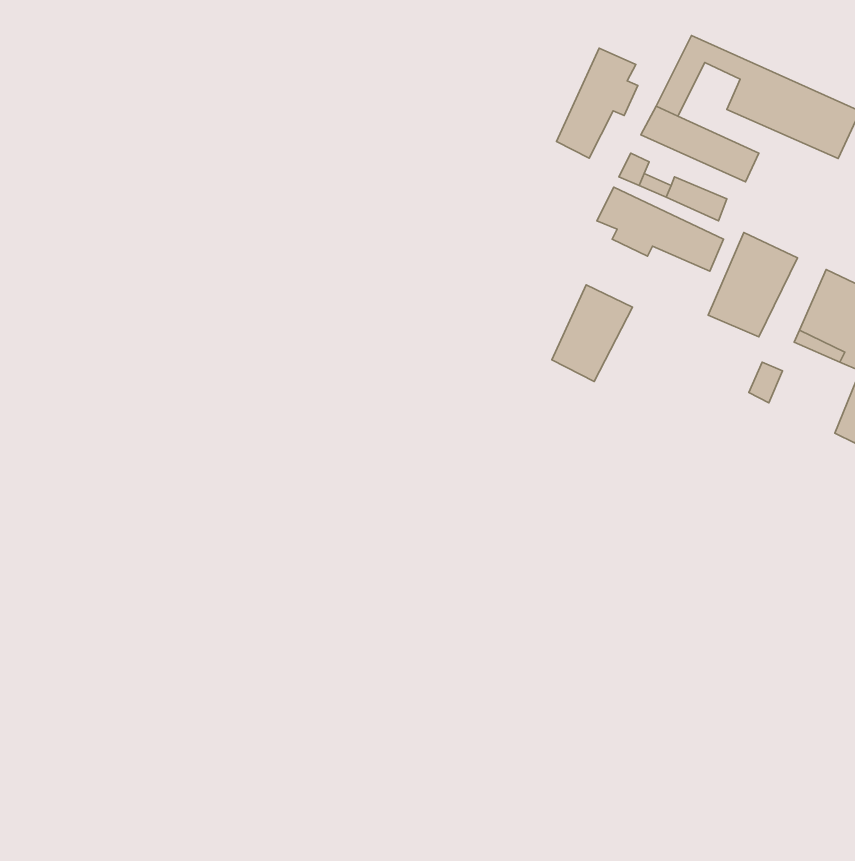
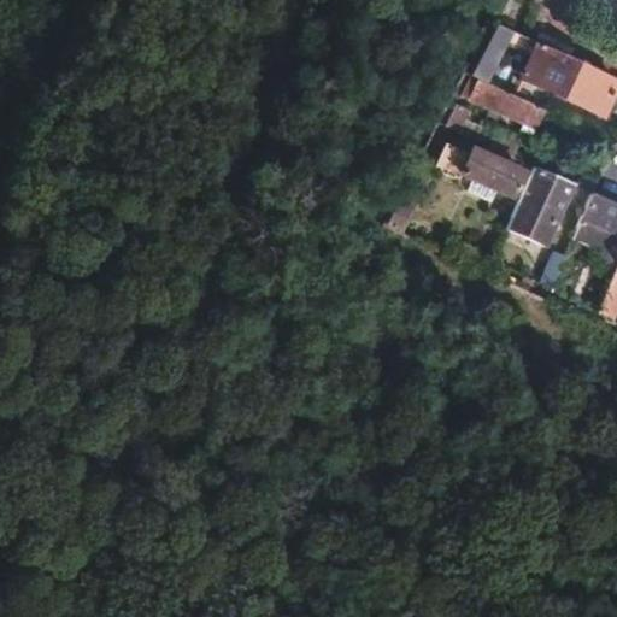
building: [556,48,638,158] -> none
building: [552,285,632,382] -> none

